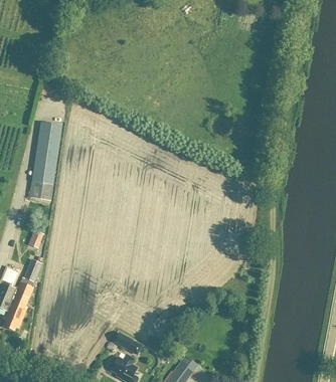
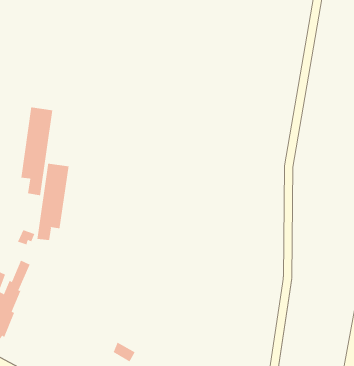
building: none -> [37,163,69,241]

